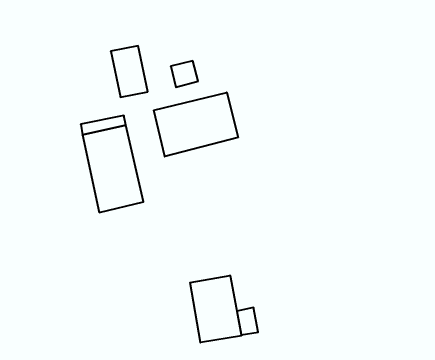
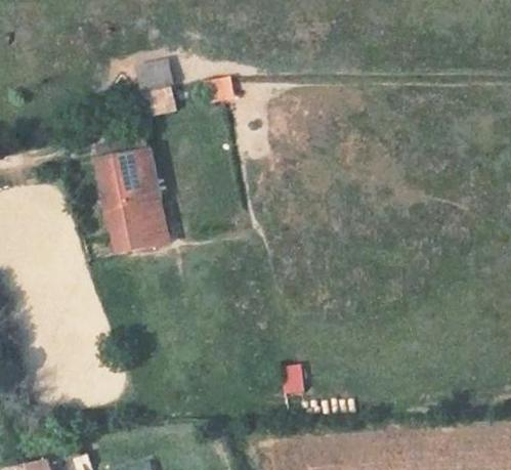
building: [154,92,238,157] -> none
building: [190,275,241,343] -> none

